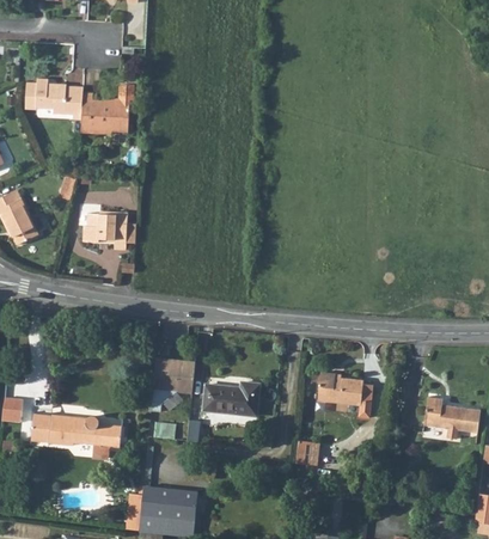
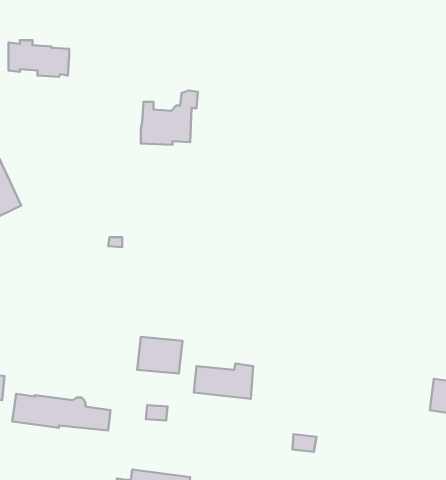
building: [80,81,134,133] -> [141,90,198,145]
building: [82,212,127,251] -> none
building: [317,374,372,418] -> none

